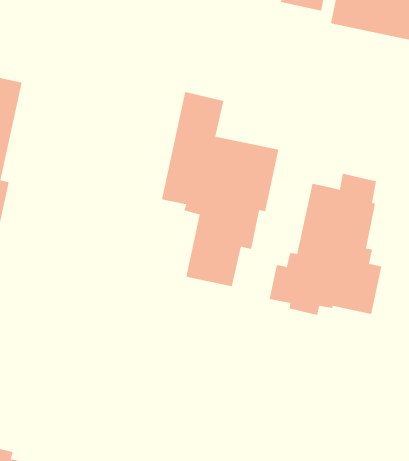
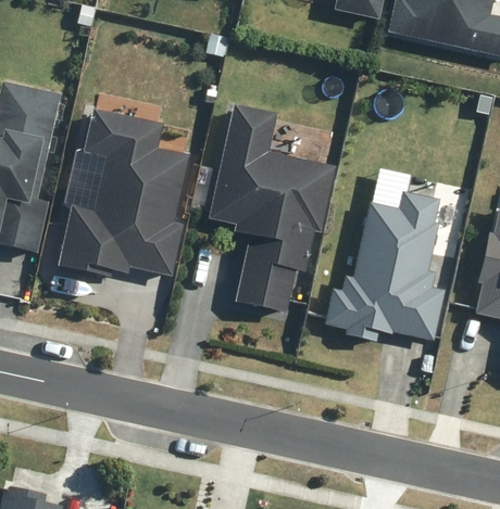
building: none -> [57,110,188,279]

